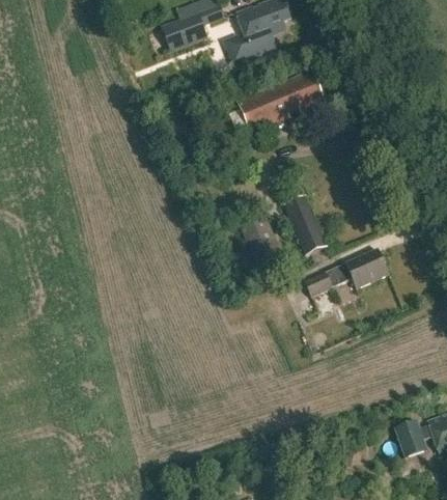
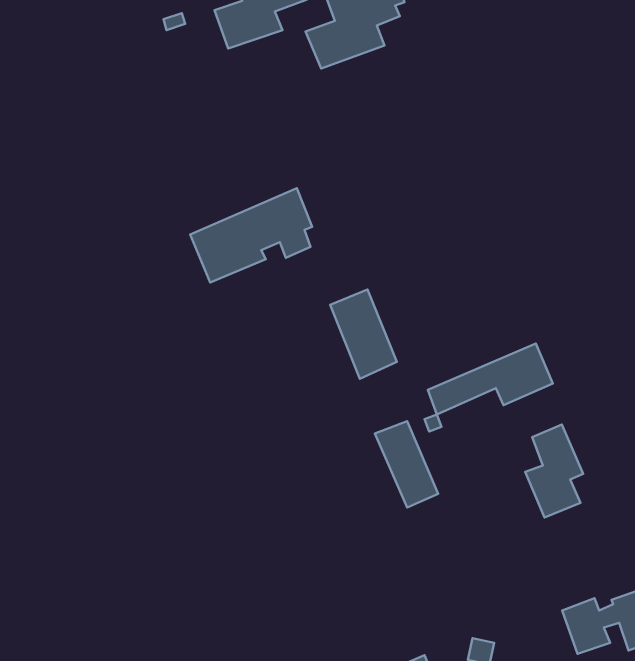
building: [238,67,319,131] -> [190,188,312,282]
building: [284,195,327,253] -> [375,421,438,508]
building: none -> [525,424,583,518]

